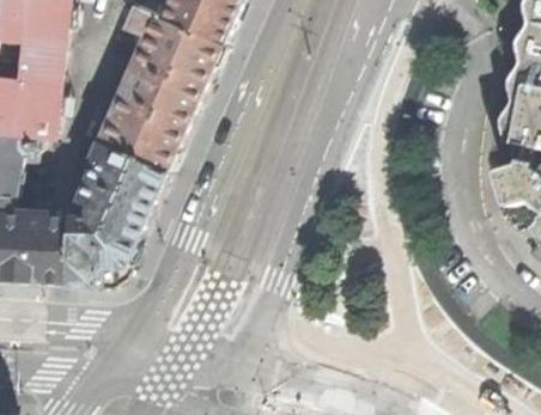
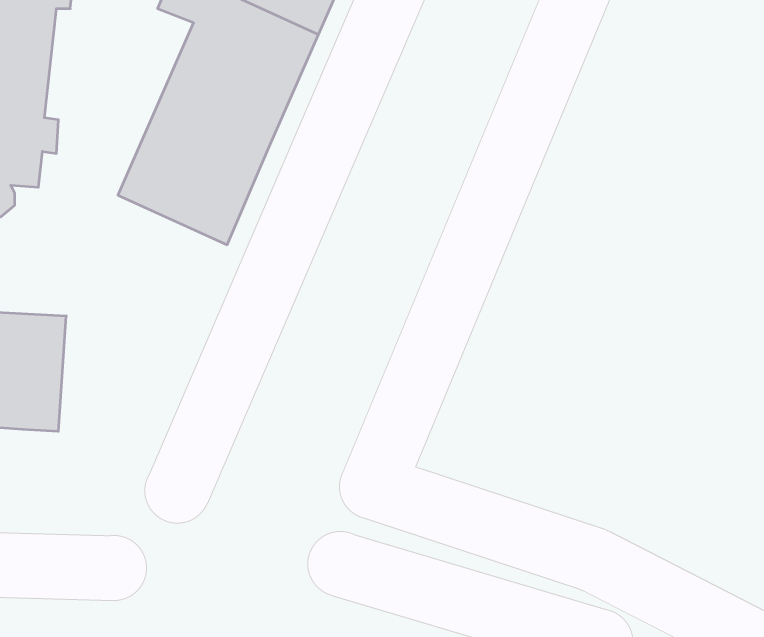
building: [63,140,165,286] -> none

